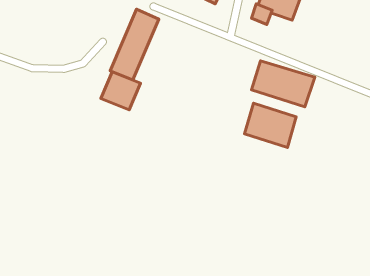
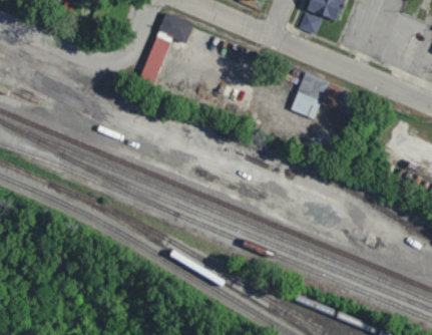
building: [101,72,140,110] -> none
building: [245,103,296,147] -> none

